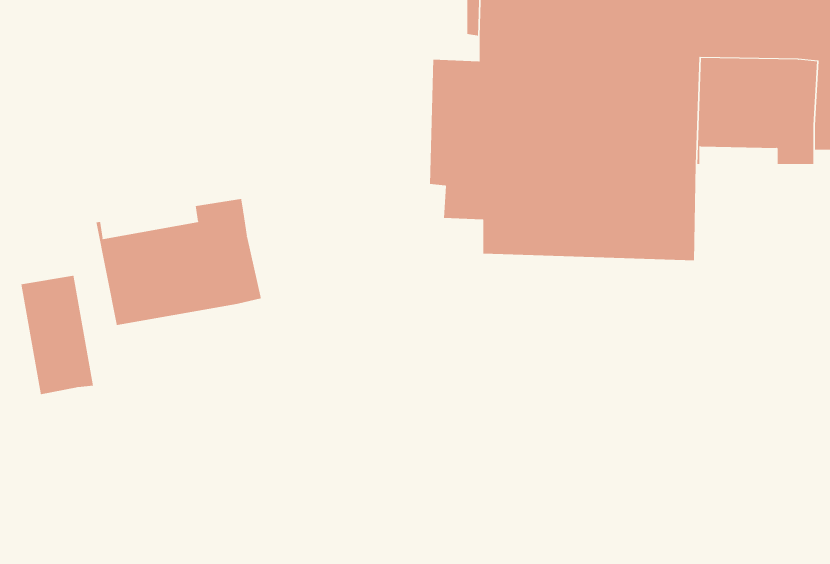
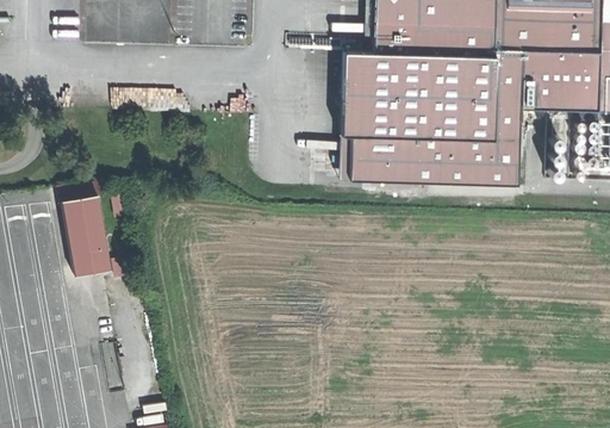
building: none -> [338,132,375,179]
building: [96,198,262,326] -> none

